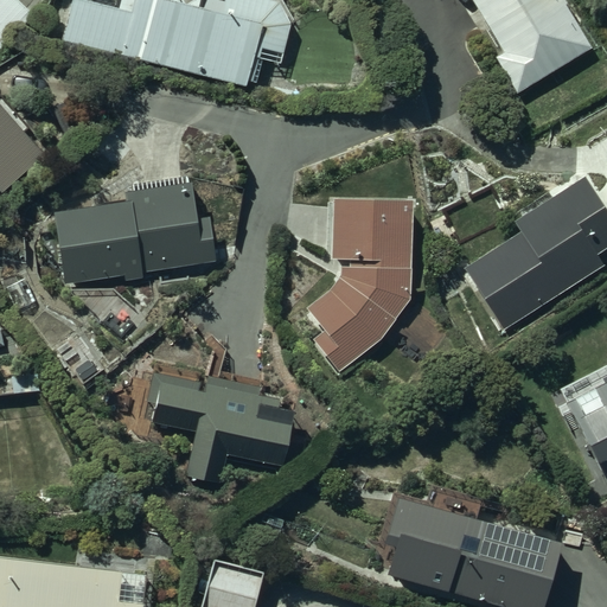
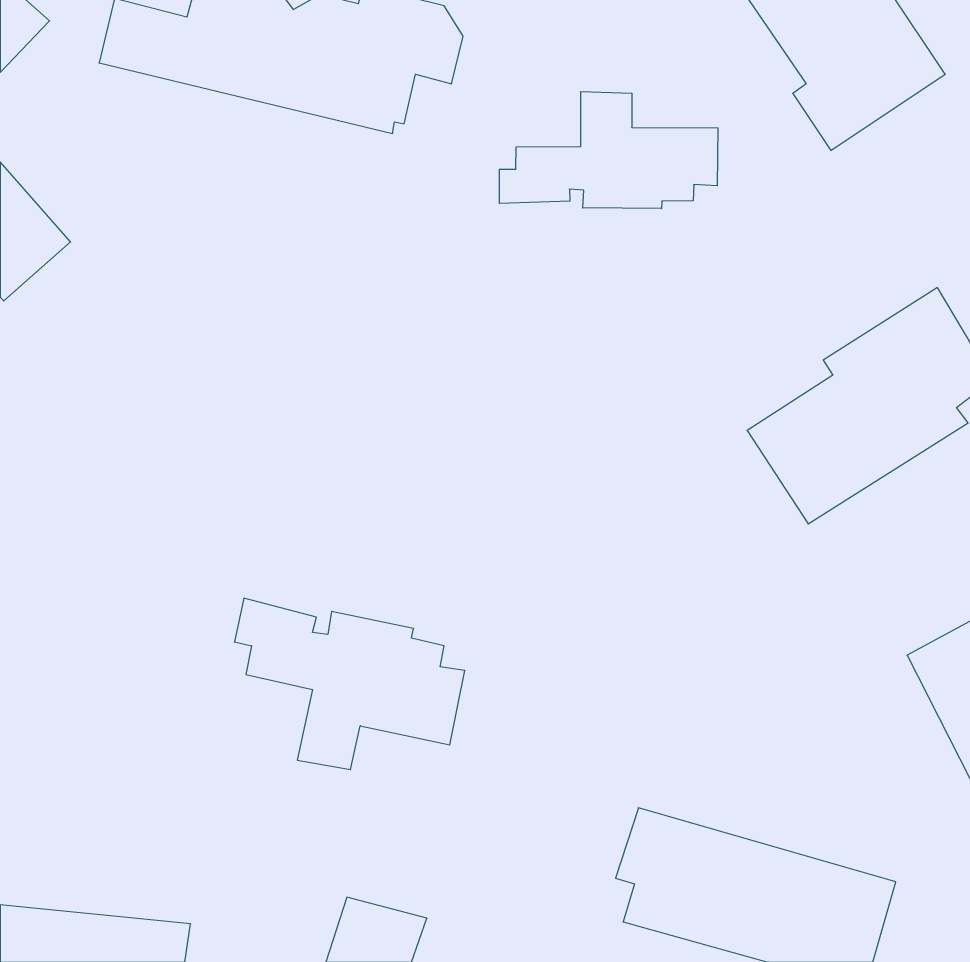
building: none -> [499,92,718,209]
building: [57,186,216,280] -> none
building: [308,203,411,368] -> none

